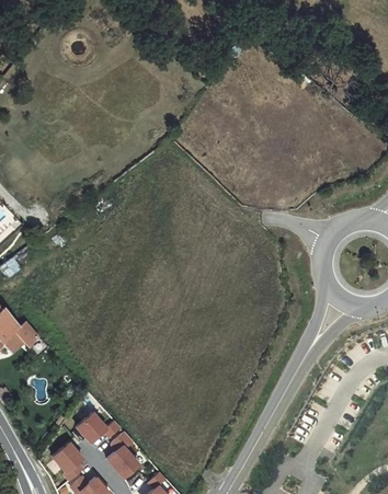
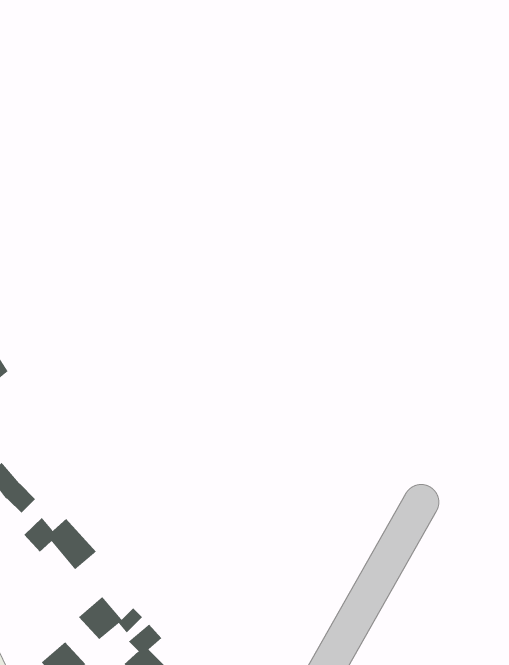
building: none -> [24,517,97,570]

